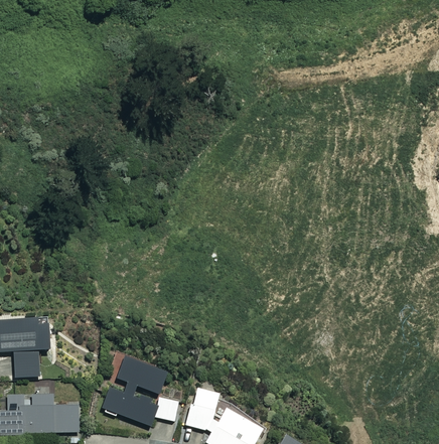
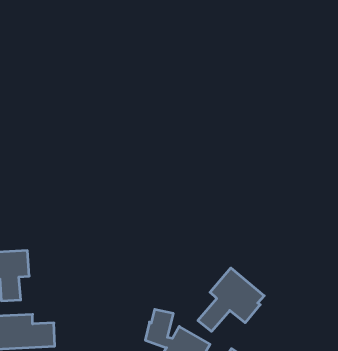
building: none -> [198,268,264,331]
building: [103,357,179,425] -> none

